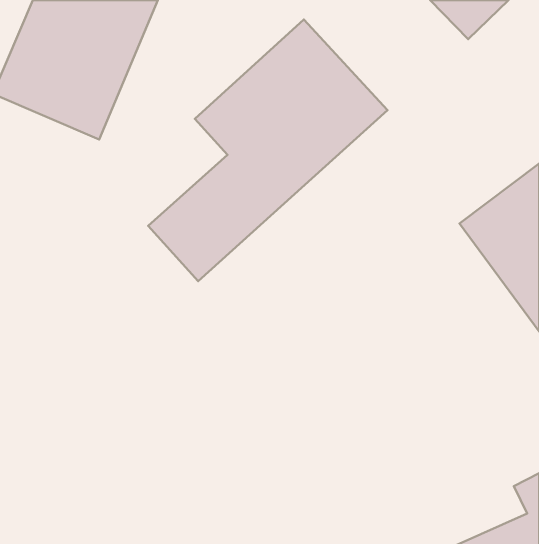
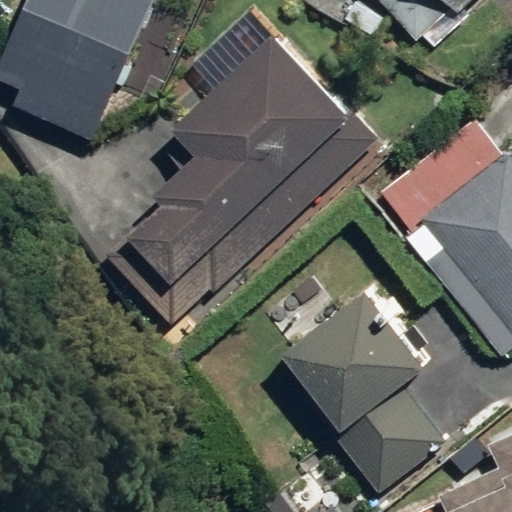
building: none -> [279,286,444,493]

